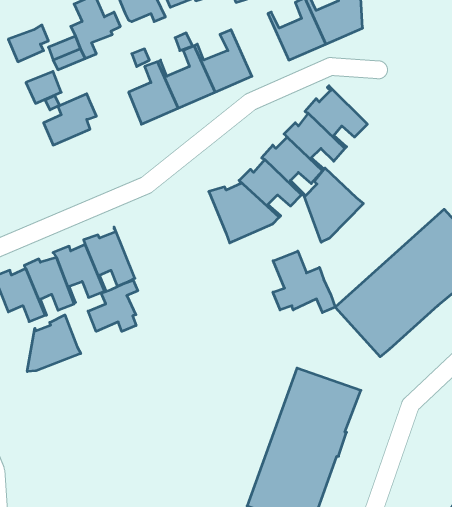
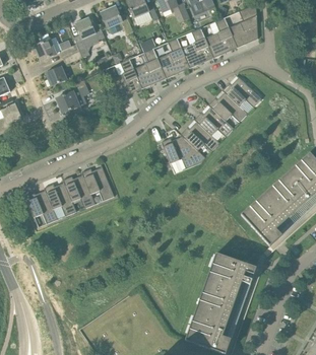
building: none -> [175,28,211,68]
building: [303,168,363,242] -> none
building: [273,251,335,313] -> none
building: [88,280,138,331] -> none
building: [27,315,81,372] -> none

